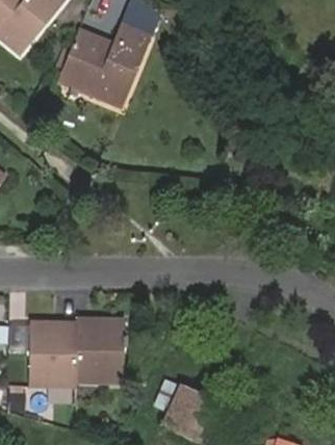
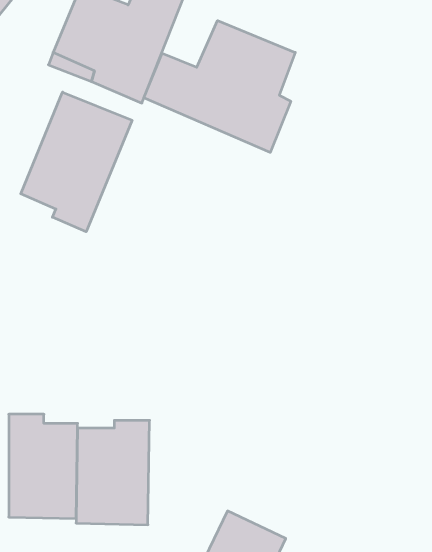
building: none -> [144,21,295,152]
building: none -> [21,92,132,232]

